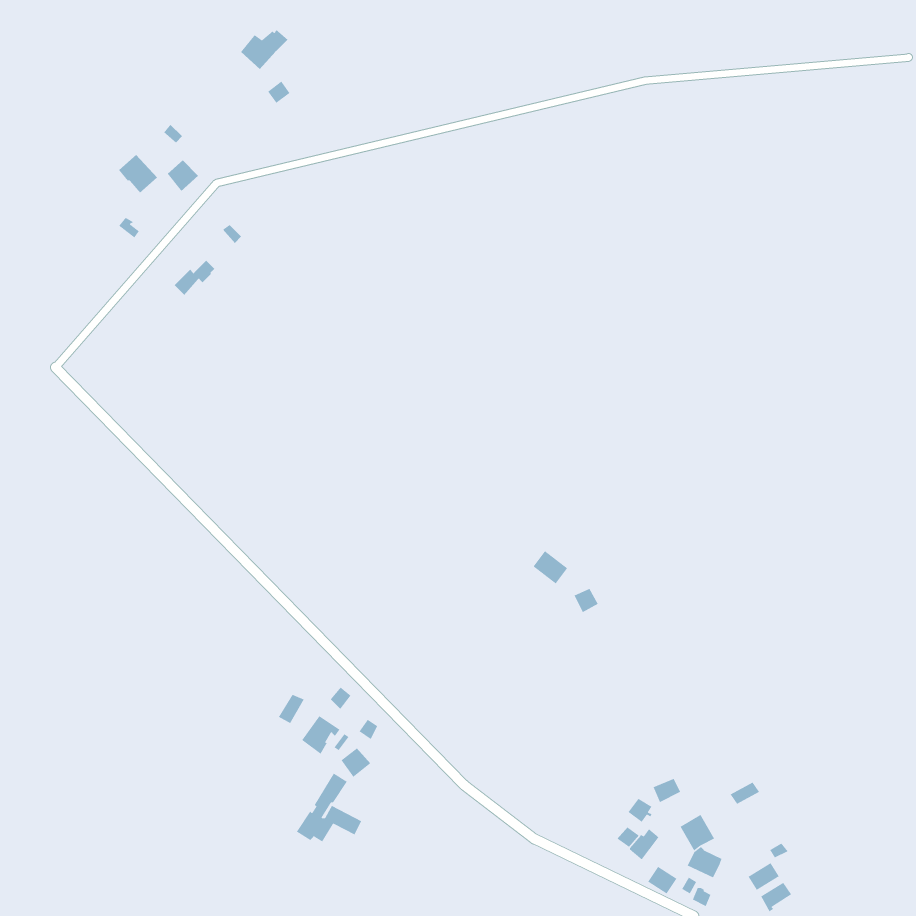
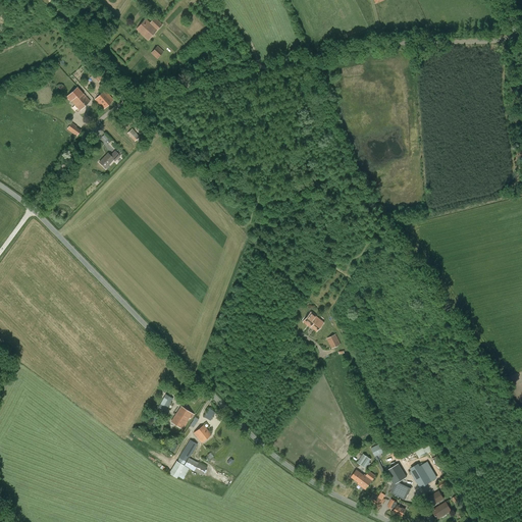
building: none -> [411,462,437,488]

